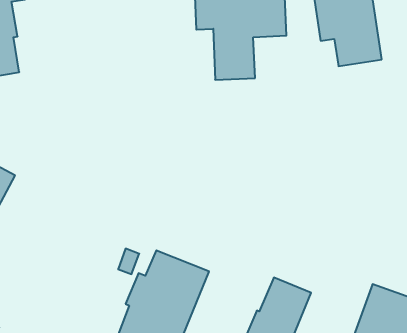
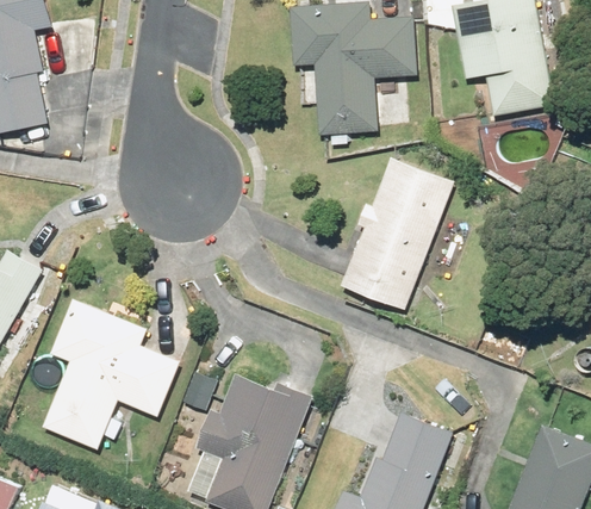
building: none -> [342,159,458,311]
building: none -> [43,300,179,446]

